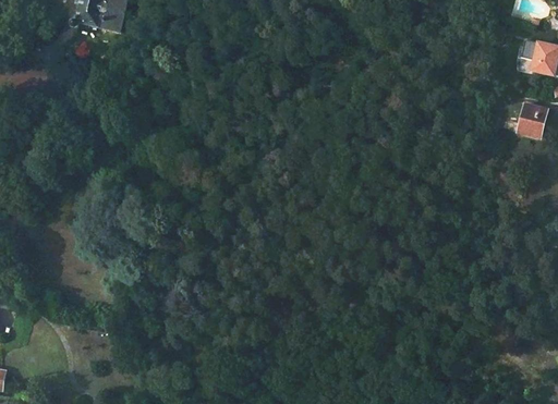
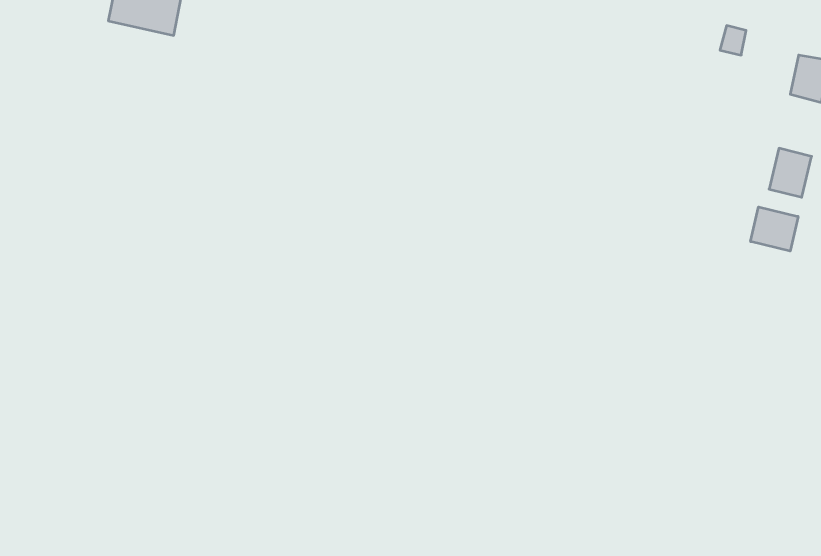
building: none -> [751,207,798,251]

